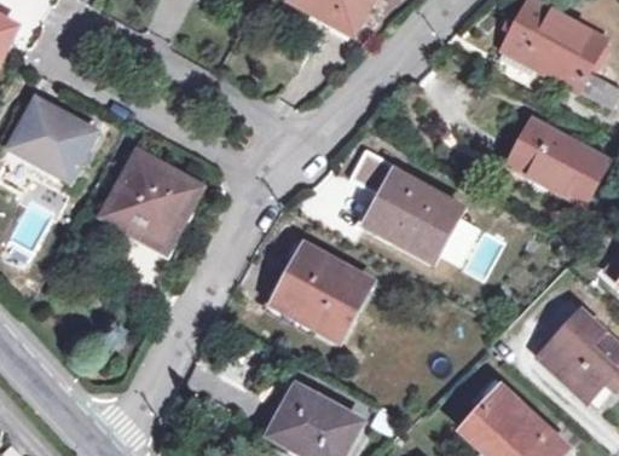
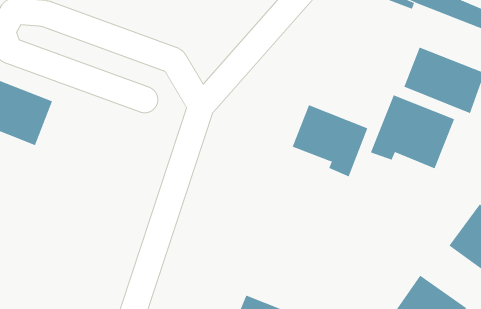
building: [105,154,199,249] -> none
building: none -> [370,95,455,169]
building: [271,248,370,339] -> none

